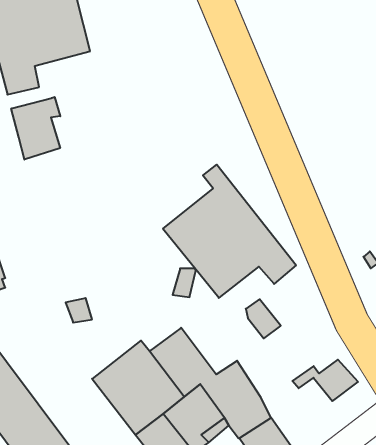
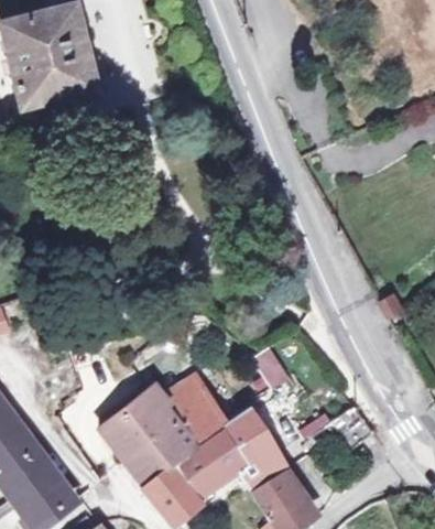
building: [11,97,60,160] -> none
building: [163,165,296,298] -> none

